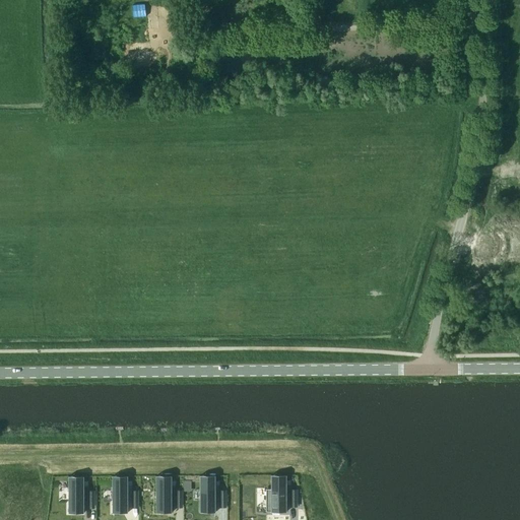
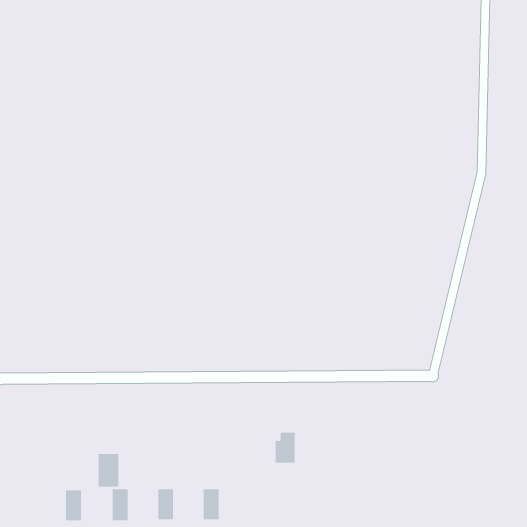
building: none -> [98,453,119,487]
building: [268,478,288,509] -> [275,432,295,463]

